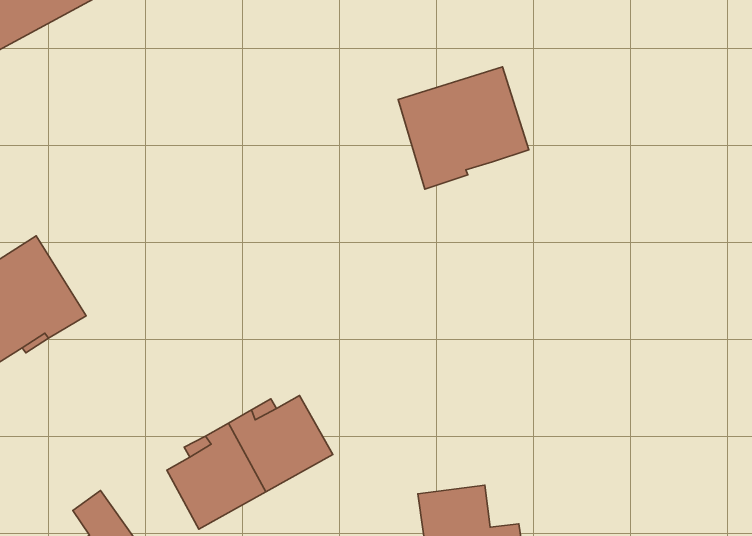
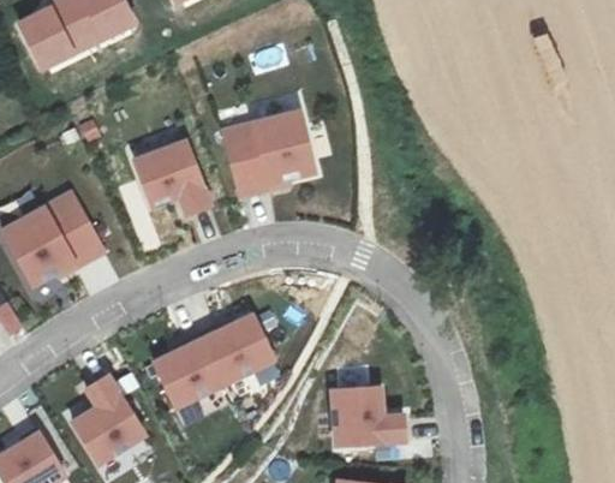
building: [398,67,529,189] -> [225,112,316,196]
building: none -> [136,142,211,215]

